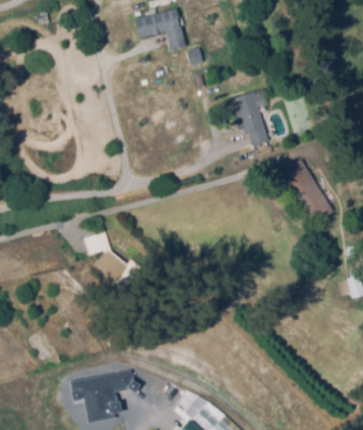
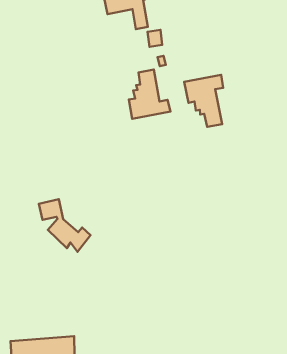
building: none -> [129,69,170,119]
building: [277,162,334,226] -> none

